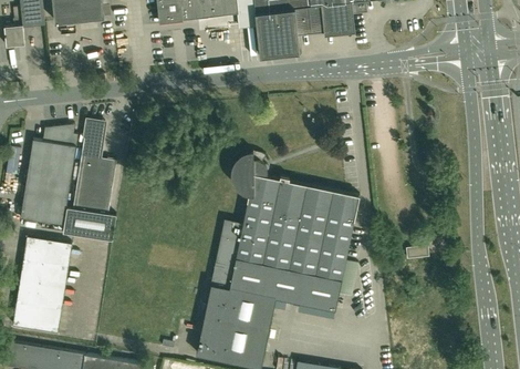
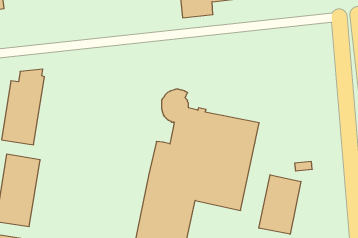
building: [63,121,117,242] -> none
building: none -> [259,175,301,234]

